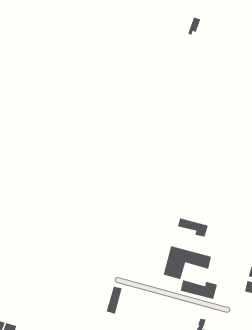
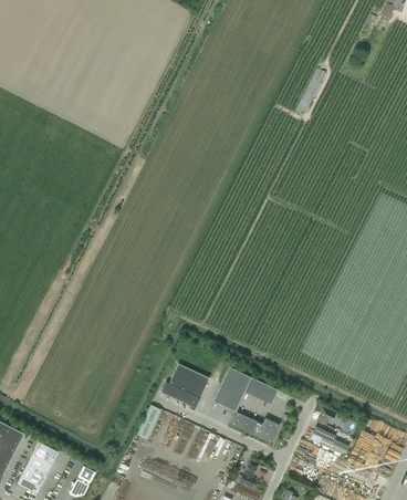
building: [177,218,208,238] -> none
building: none -> [160,363,209,408]

